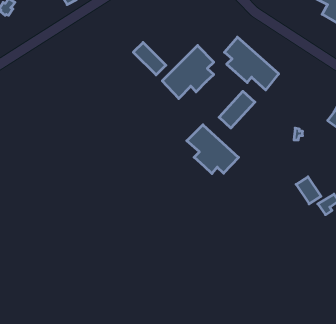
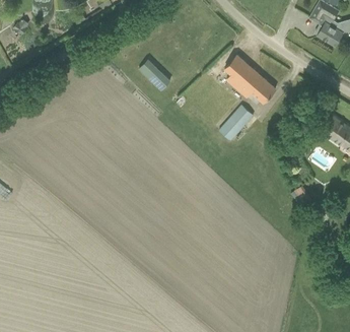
building: [162,45,214,99] -> none
building: [187,125,239,174] -> none

